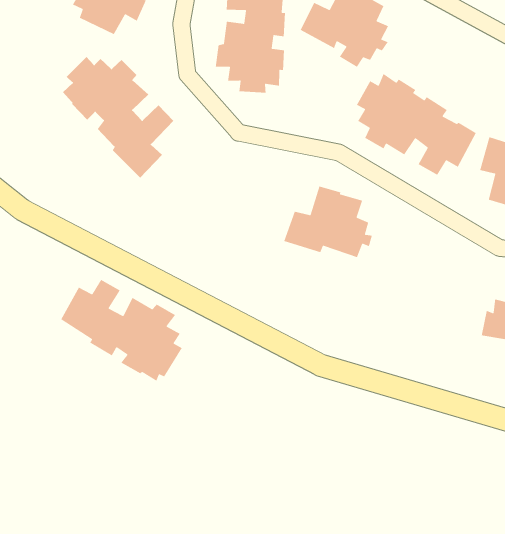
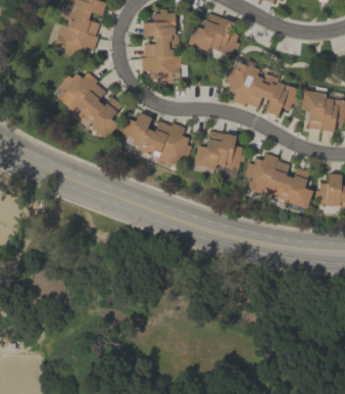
building: none -> [244,154,312,212]
building: [60,279,183,382] -> [119,113,192,168]

